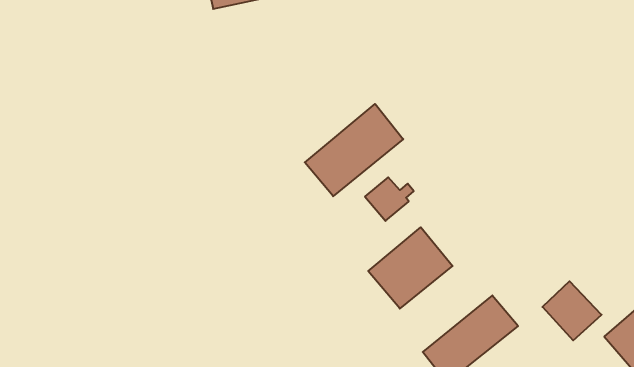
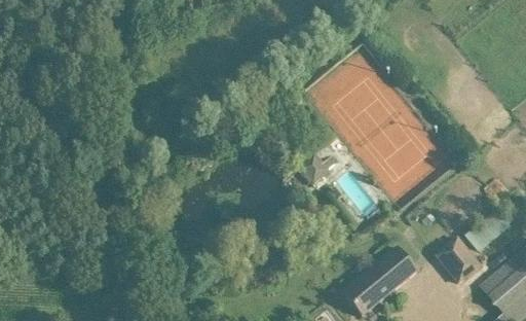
building: [305,104,403,196] -> none
building: [368,227,453,309] -> none

